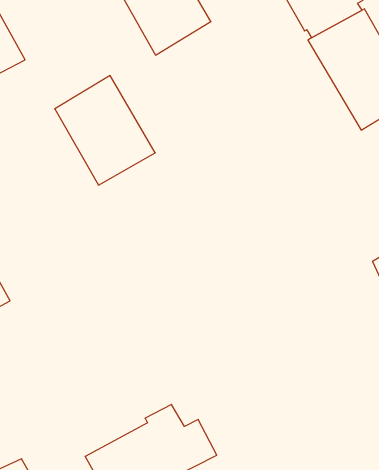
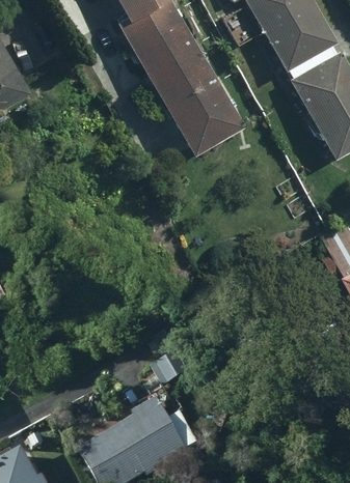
building: [55,76,155,185] -> [146,56,237,154]

